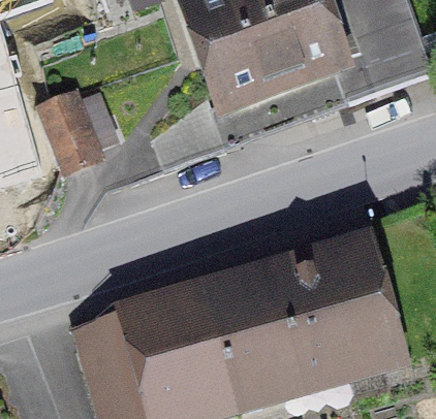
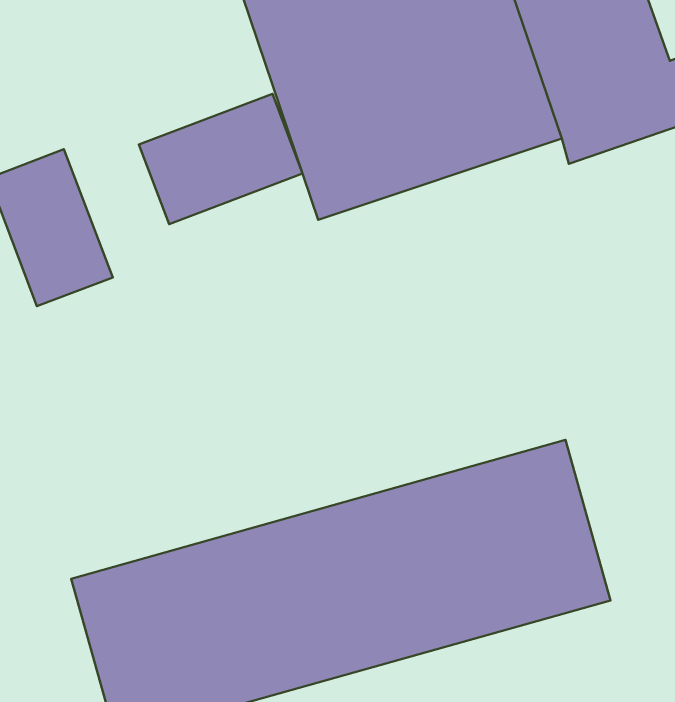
building: none -> [139,94,303,224]

